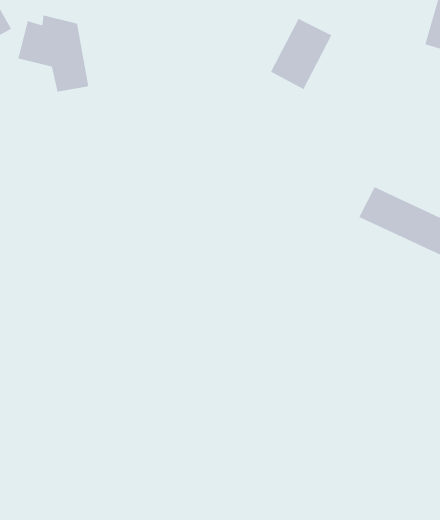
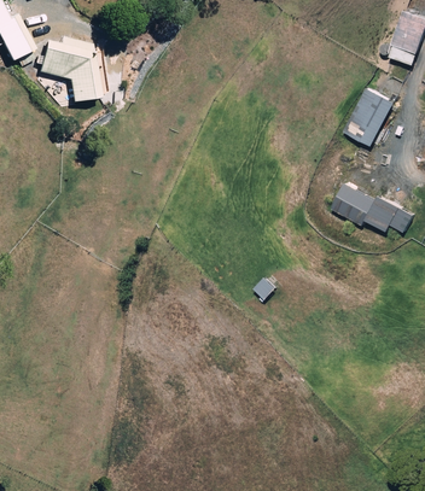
building: [270,18,332,90] -> [340,88,394,150]

